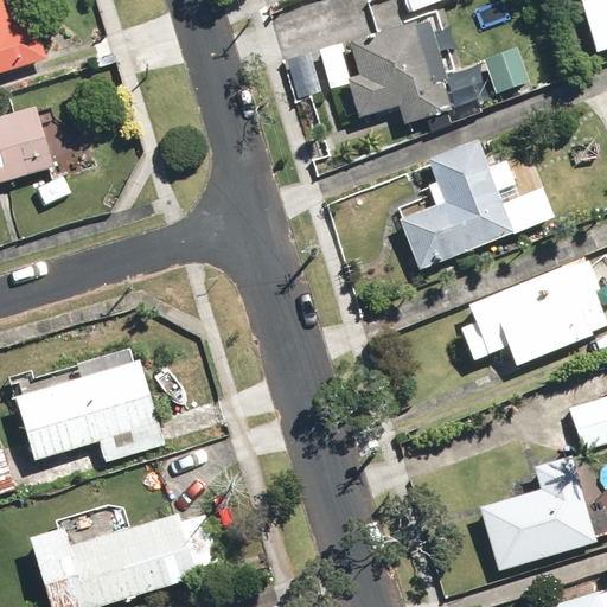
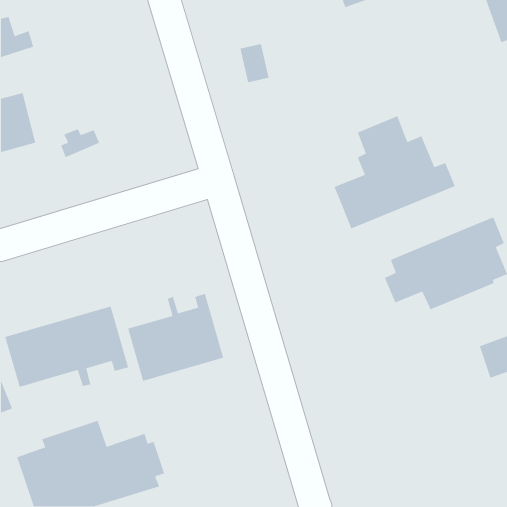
building: [343,8,528,123] -> none
building: none -> [127,293,224,382]
building: [479,456,598,571] -> none

